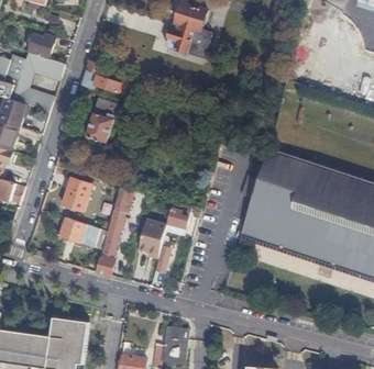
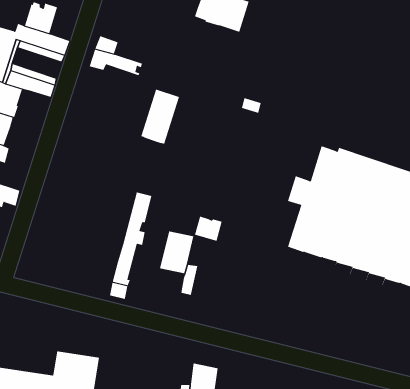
building: [85,98,117,143] -> [141,89,180,144]
building: [60,178,90,212] -> none
building: [58,217,107,247] -> none

